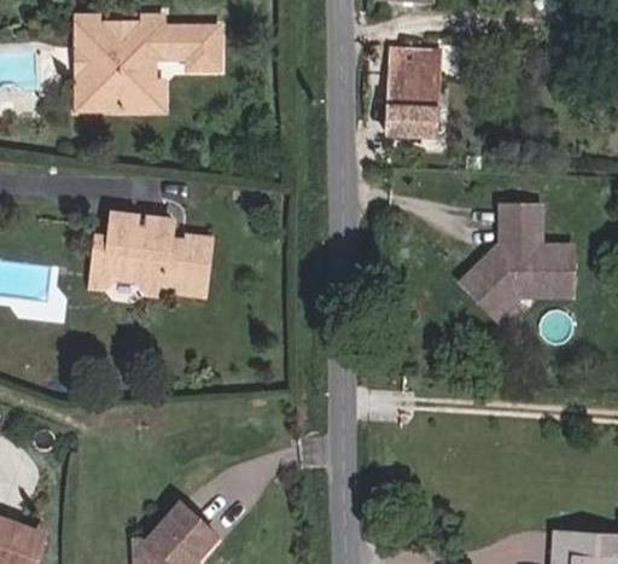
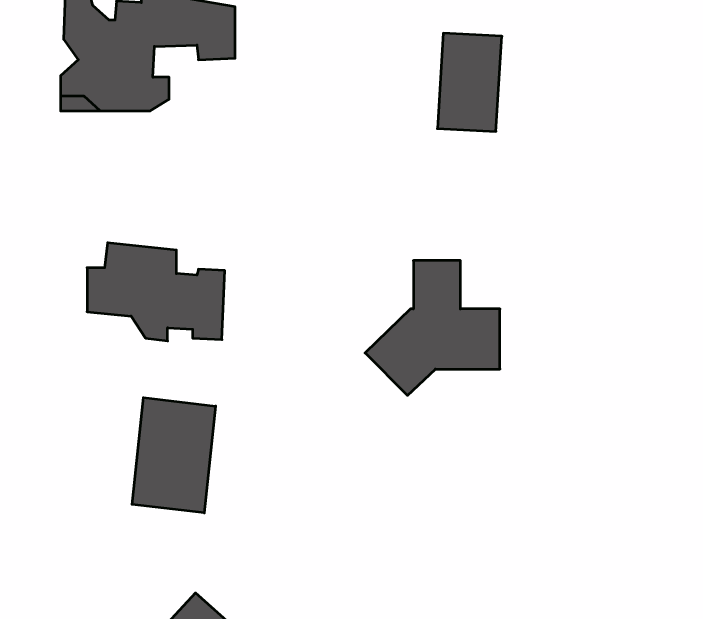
building: [456,198,567,309] -> [365,261,500,395]
building: none -> [132,398,216,513]

